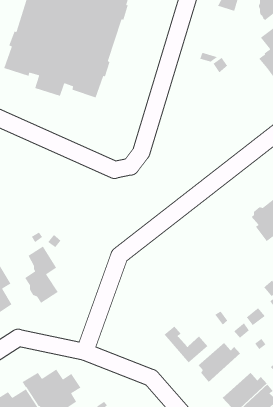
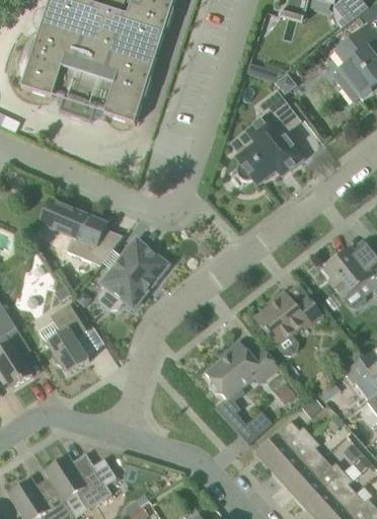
building: none -> [236,92,303,184]
building: none -> [42,200,119,266]
building: none -> [100,239,171,309]
building: none -> [255,293,322,356]
building: none -> [206,341,279,399]
building: none -> [272,435,323,489]

